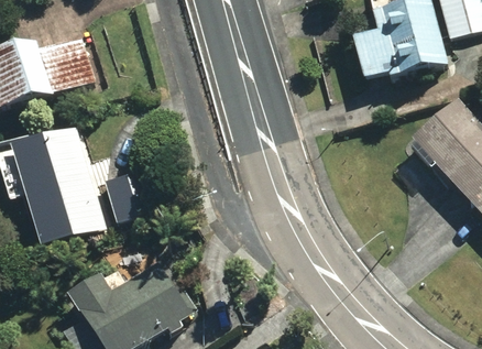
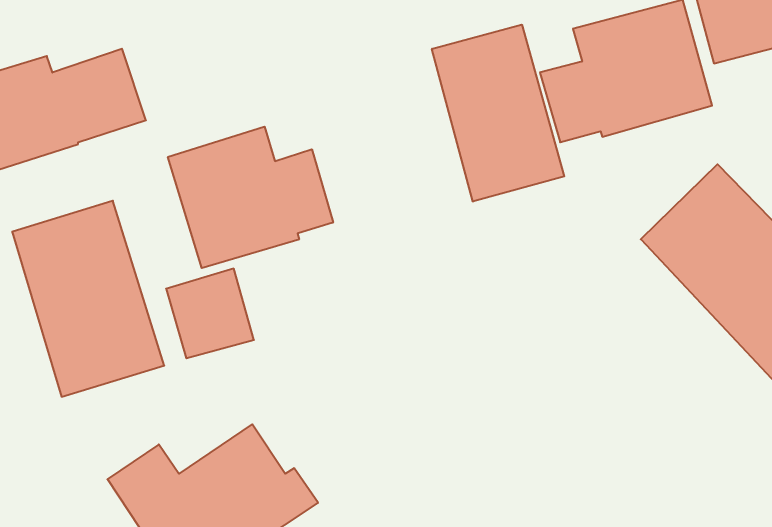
building: none -> [432,25,564,202]
building: none -> [168,127,333,268]

